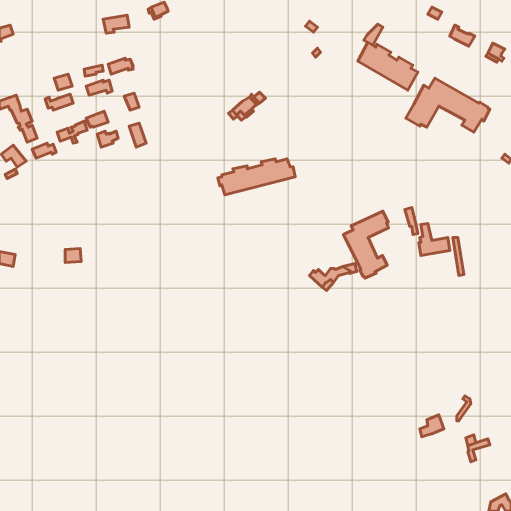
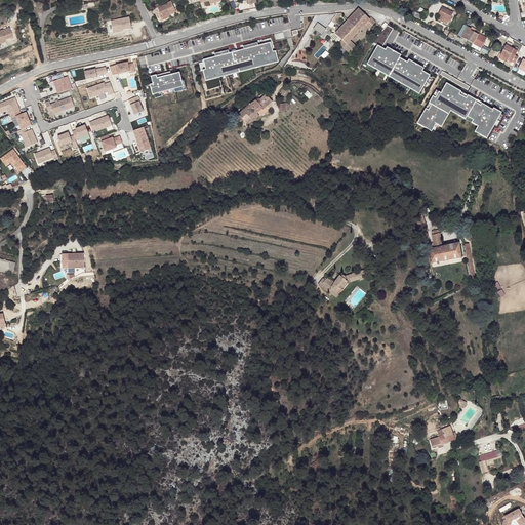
building: none -> [334,7,375,53]
building: none -> [149,71,185,97]
building: [218,159,295,195] -> [198,42,277,79]
building: [343,211,388,278] -> none

